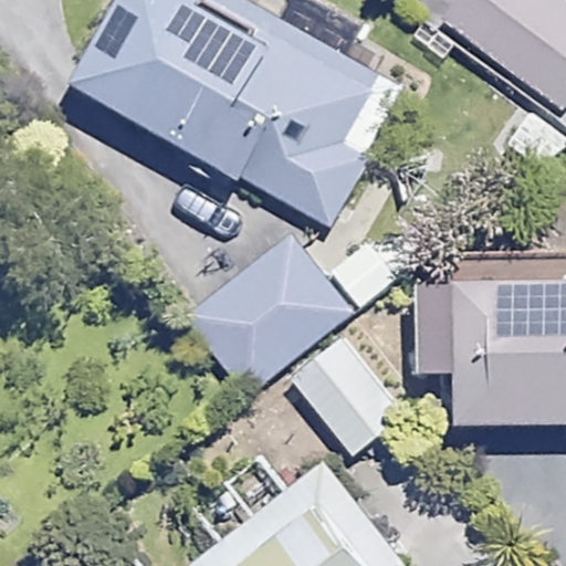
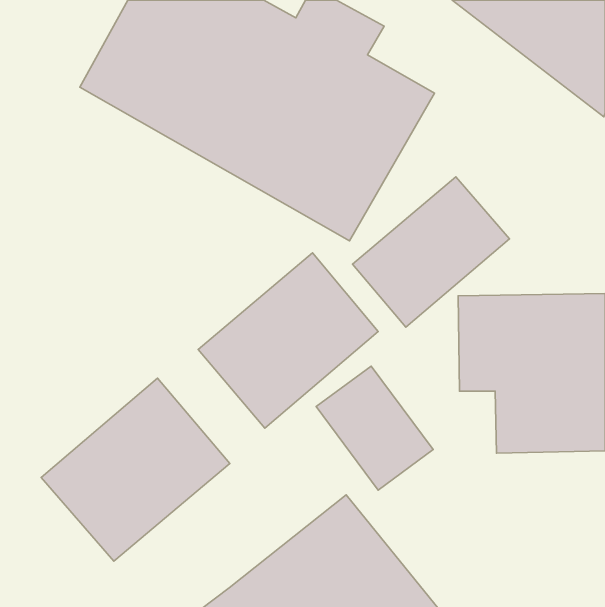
building: none -> [352,177,510,327]
building: none -> [41,378,230,561]

